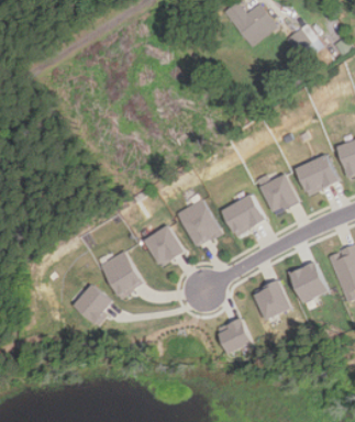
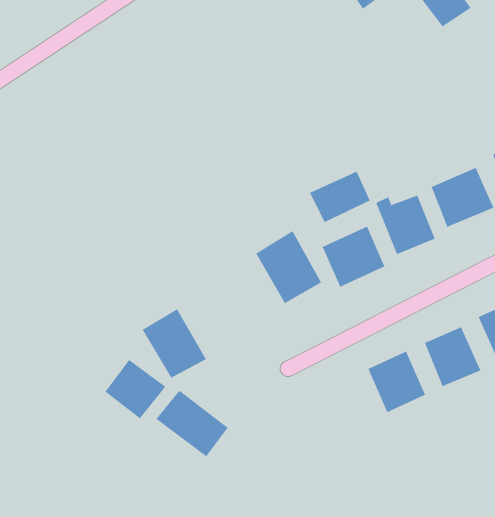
building: none -> [309,171,371,223]
building: [143,223,185,266] -> none
building: none -> [155,390,228,457]
building: [217,316,252,353] -> none

